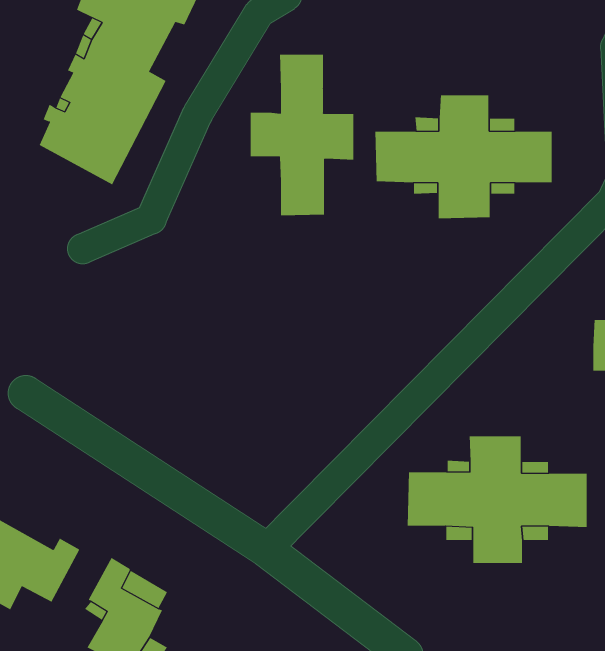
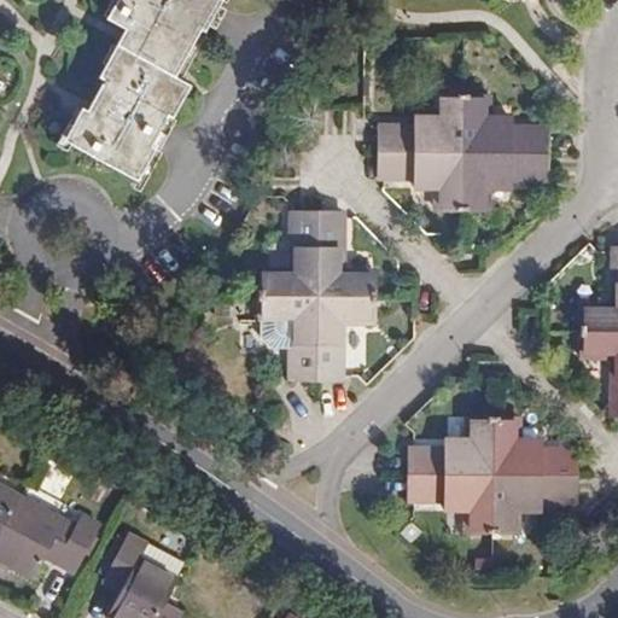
building: [250,54,354,216] -> none
building: none -> [260,212,374,383]

